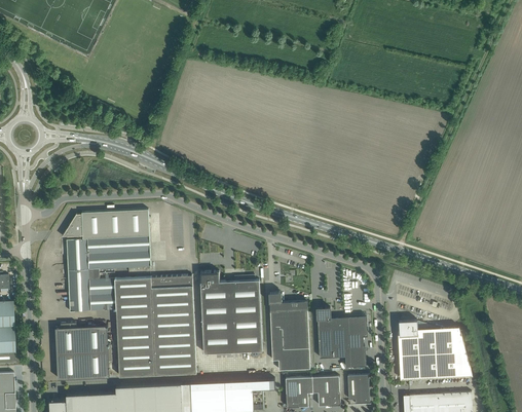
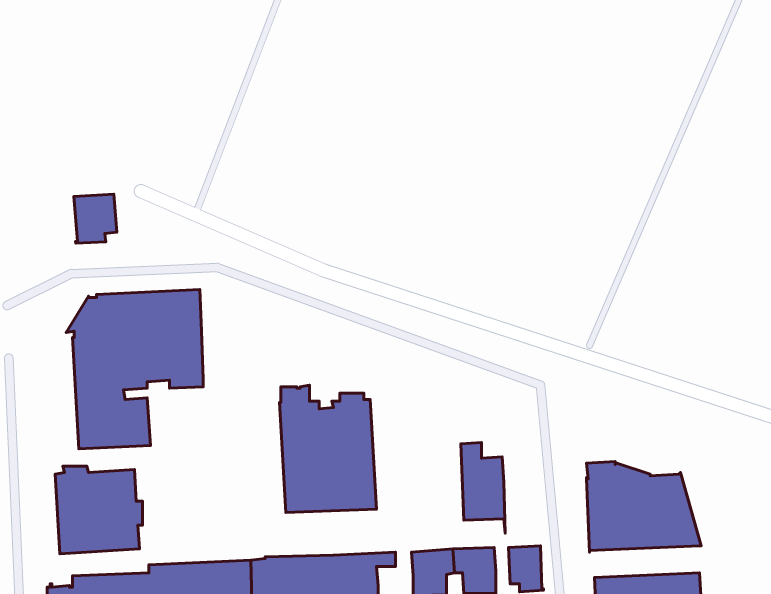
building: none -> [74,194,117,243]
building: [114,275,196,377] -> none
building: [268,292,309,371] -> none
building: [343,316,367,367] -> none

